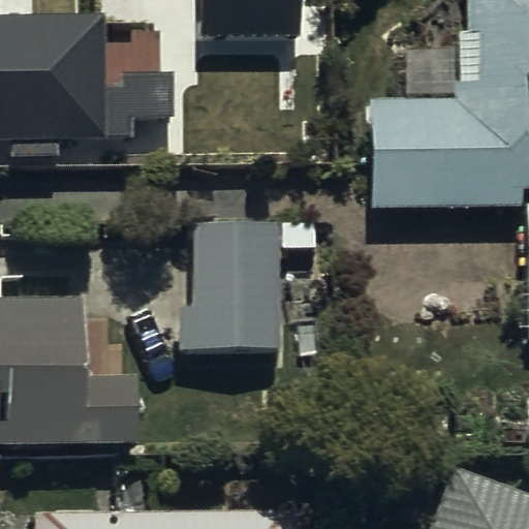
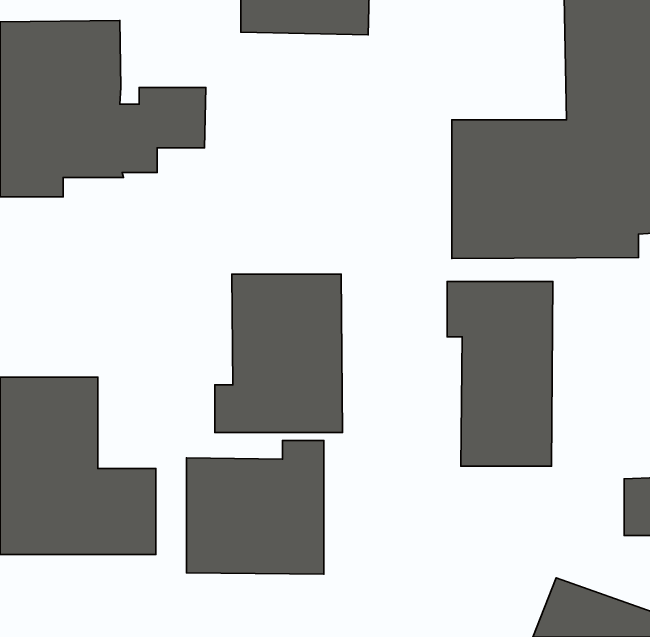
building: none -> [447,281,553,466]
building: none -> [187,440,324,574]

